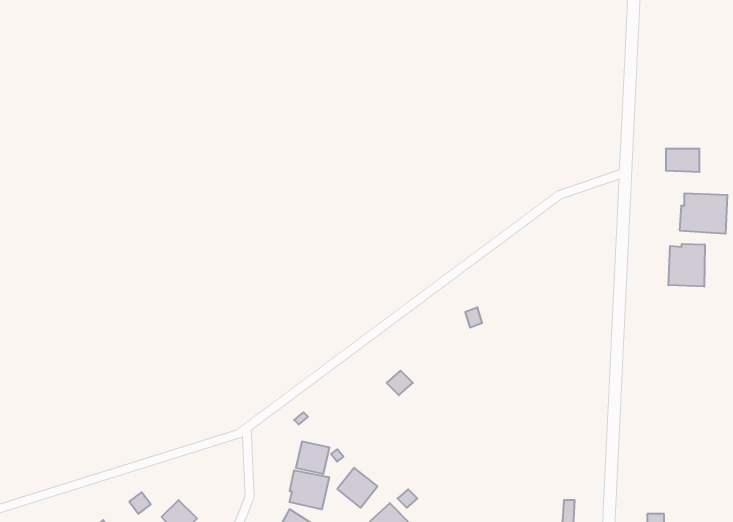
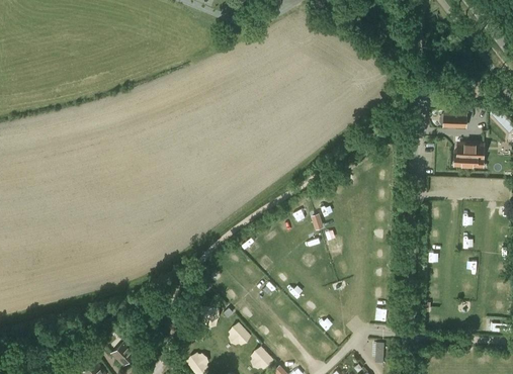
building: [668,244,705,287] -> none
building: [289,470,329,509] -> none

